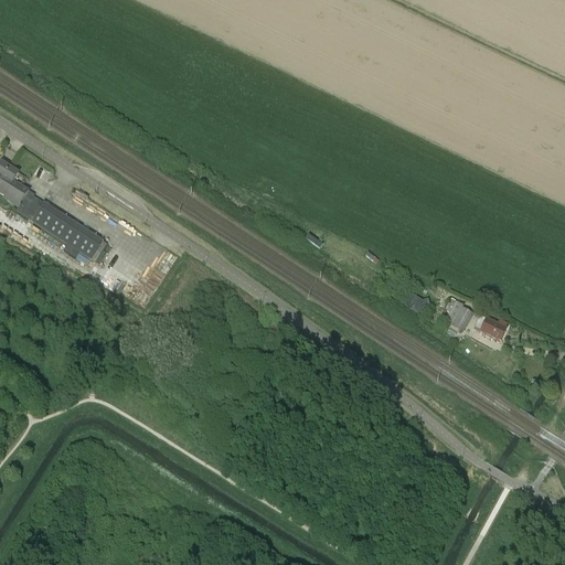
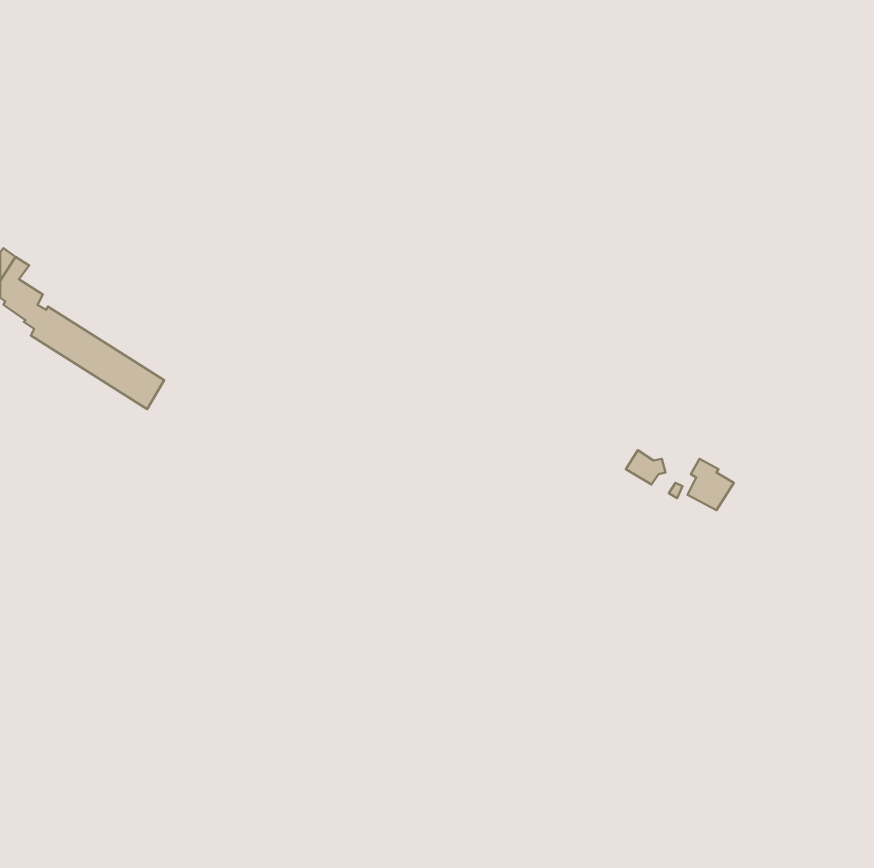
building: [473,313,508,340] -> none

